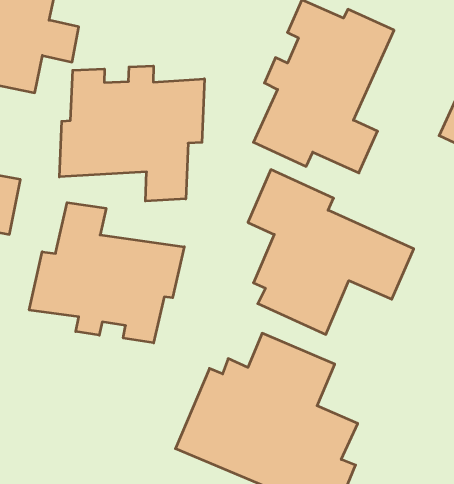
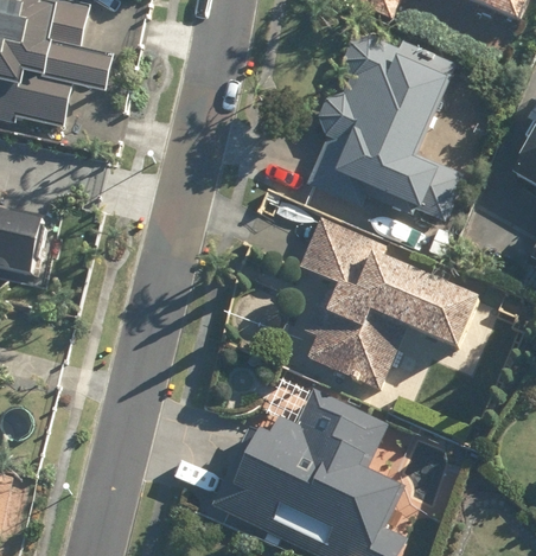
building: [59,66,204,201] -> none
building: [29,203,184,343] -> none

